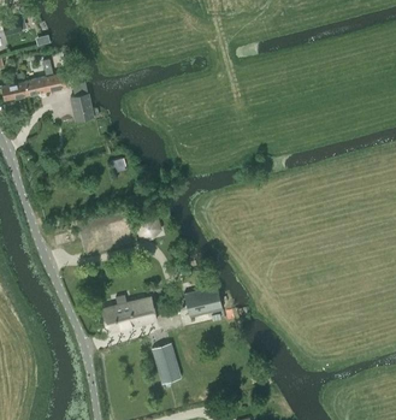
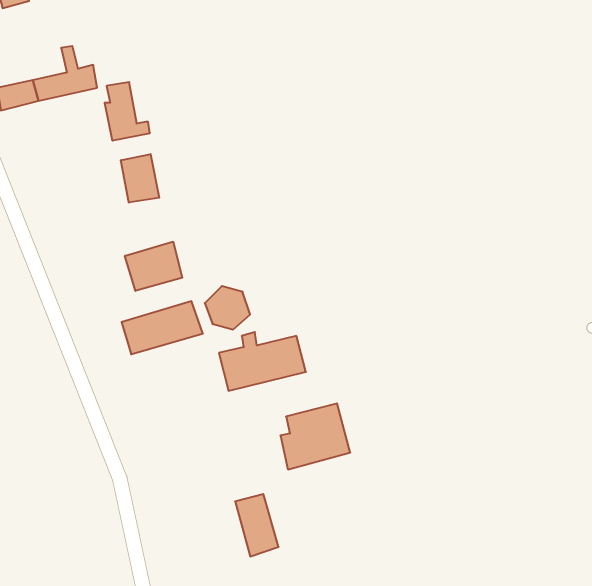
building: none -> [121,154,159,203]
building: none -> [125,242,182,291]
building: [102,294,158,331] -> [219,332,306,391]

